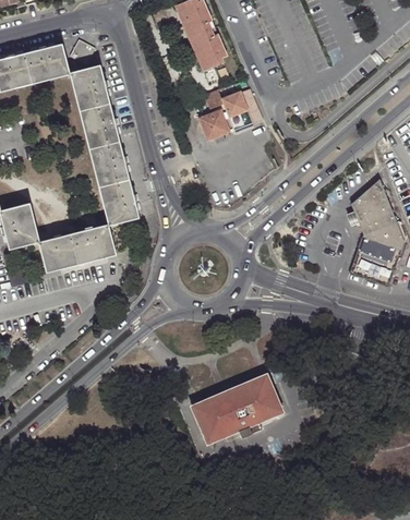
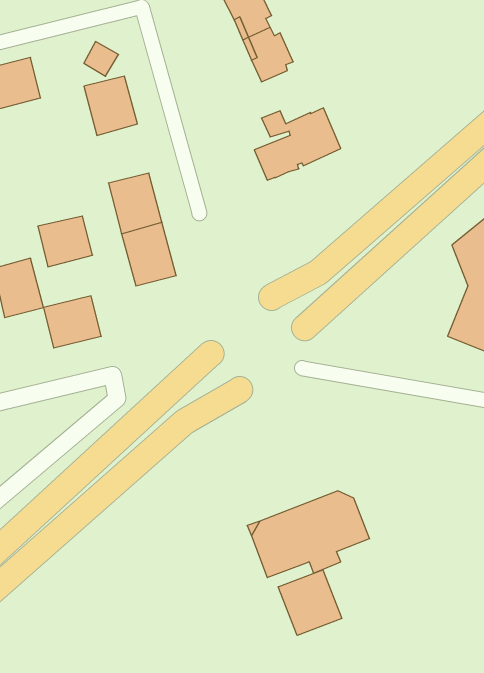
building: [28,44,69,83] -> none
building: [79,102,118,147] -> none
building: [74,225,116,263] -> [38,216,93,267]
building: none -> [278,570,342,635]

